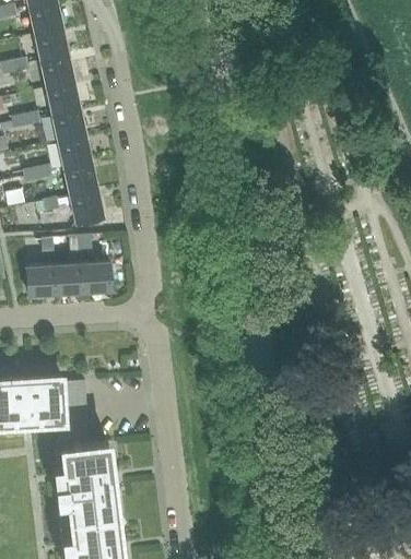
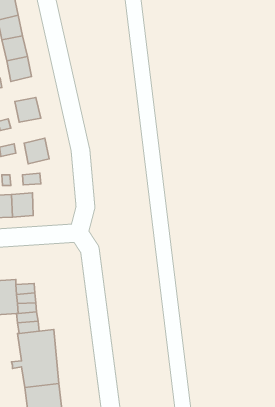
building: [52,109,85,142] -> none
building: [63,164,97,197] -> none
building: [81,261,110,292] -> none

